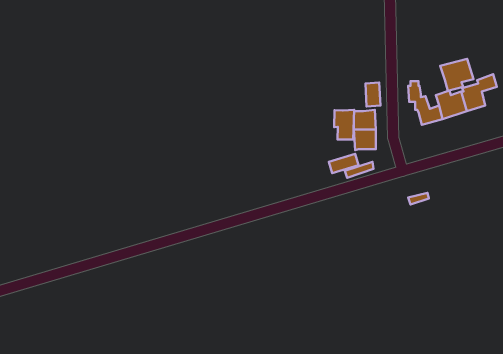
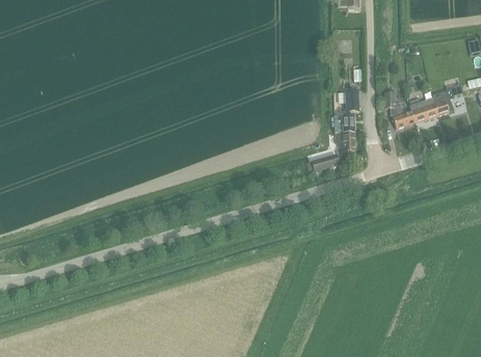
building: [440,59,473,91] -> none
building: [334,110,354,139] -> none

